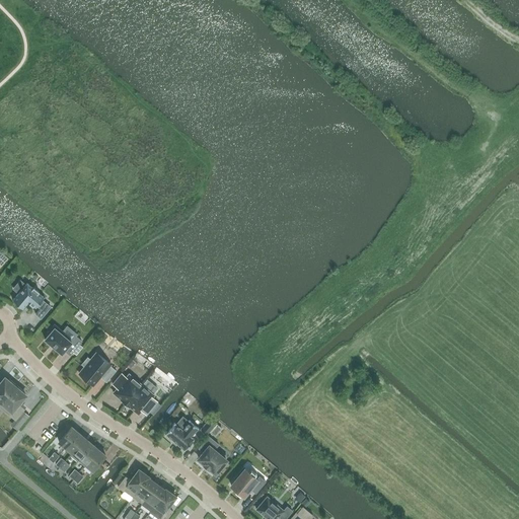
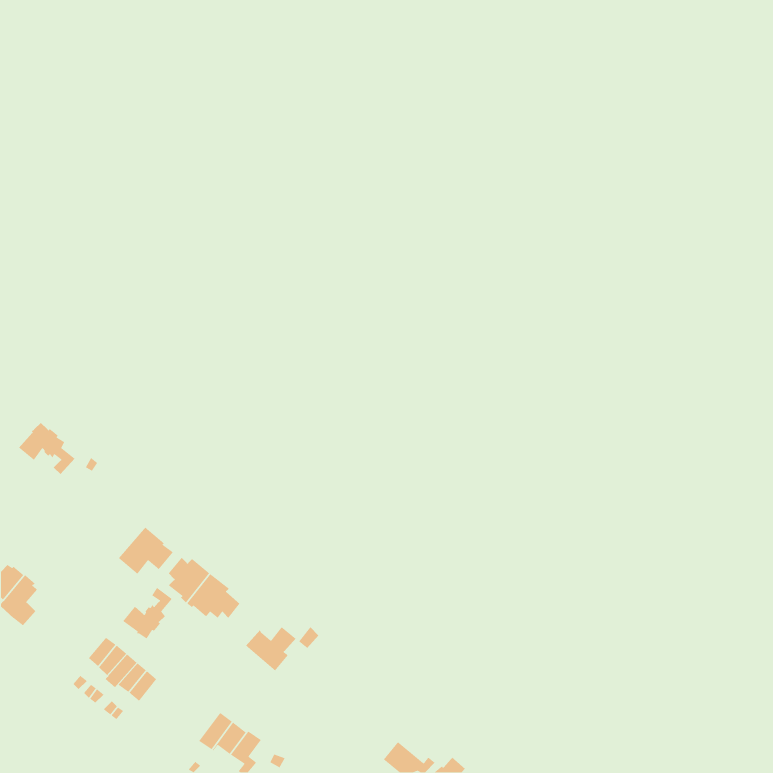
building: [45,324,82,355] -> none
building: none -> [122,587,173,639]
building: [199,436,226,472] -> none
building: [231,468,266,496] -> none
building: [118,469,148,497] -> none

